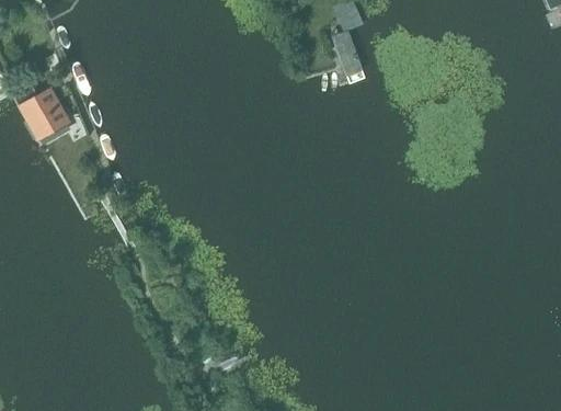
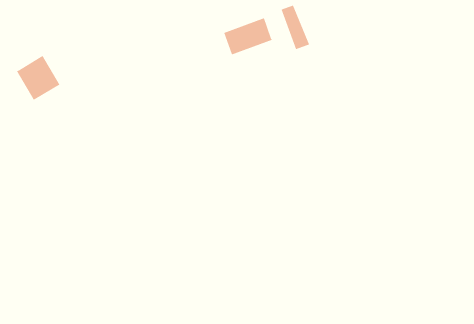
building: none -> [223,17,273,55]

